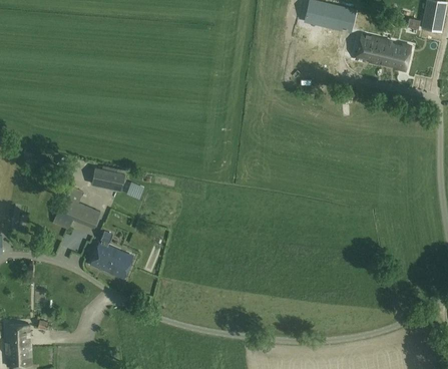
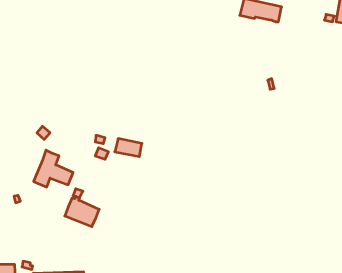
building: [356,34,410,70] -> none
building: [91,167,124,190] -> [115,139,142,157]

